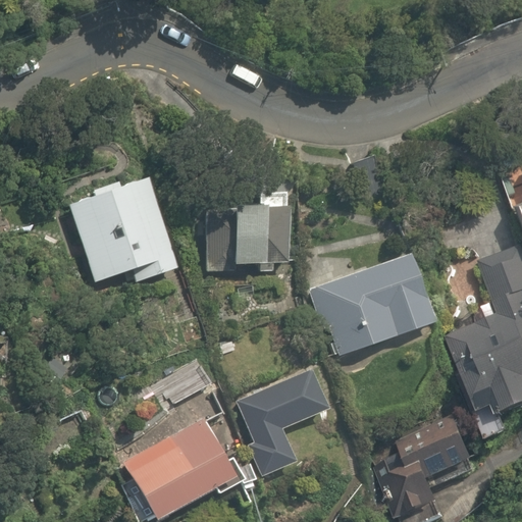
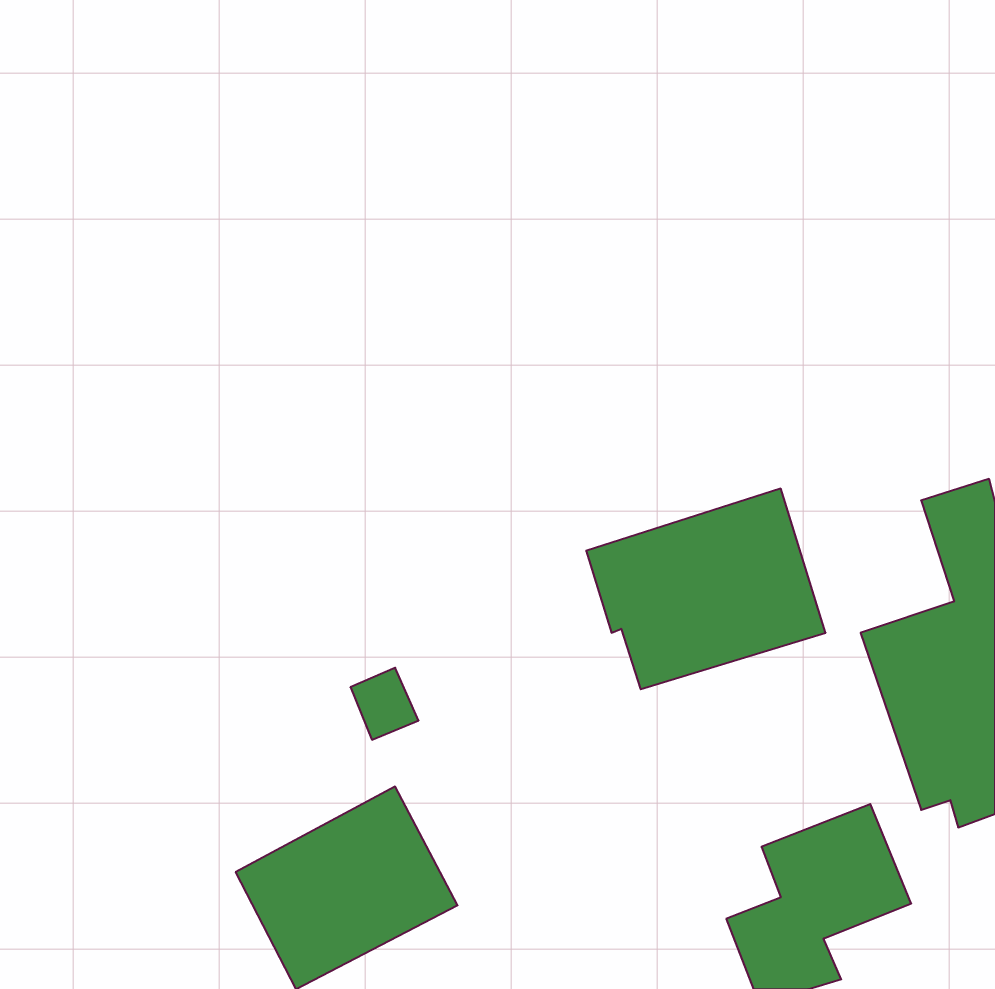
building: [67,174,178,281] -> none
building: [200,190,289,269] -> none
building: [238,366,327,473] -> none

